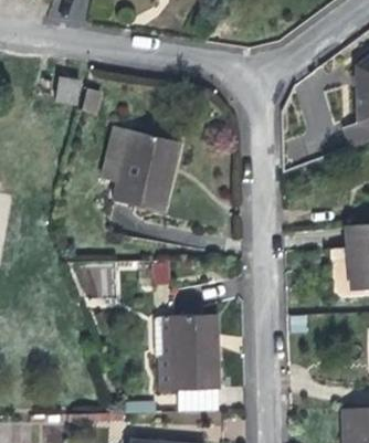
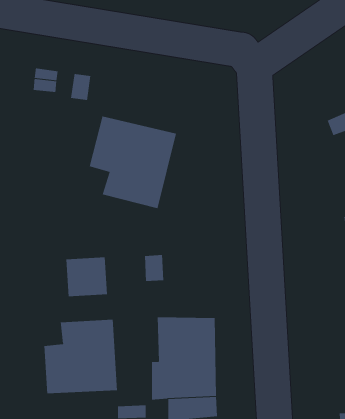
building: none -> [44,319,117,394]

